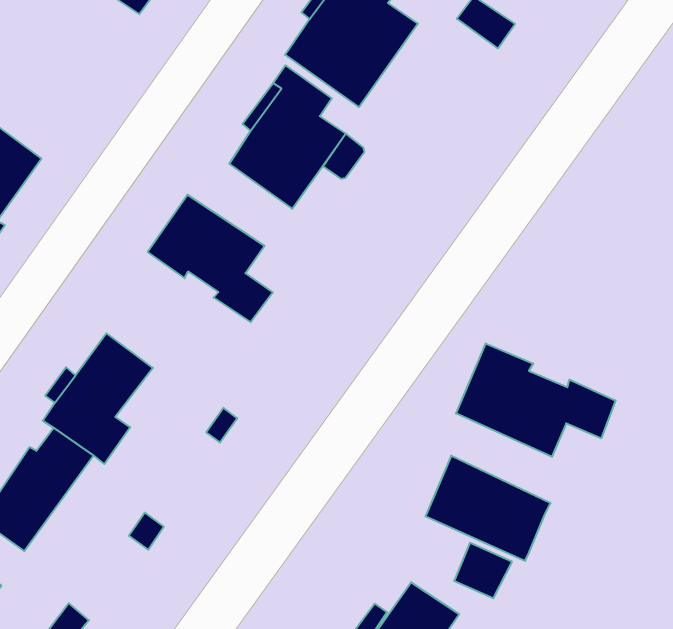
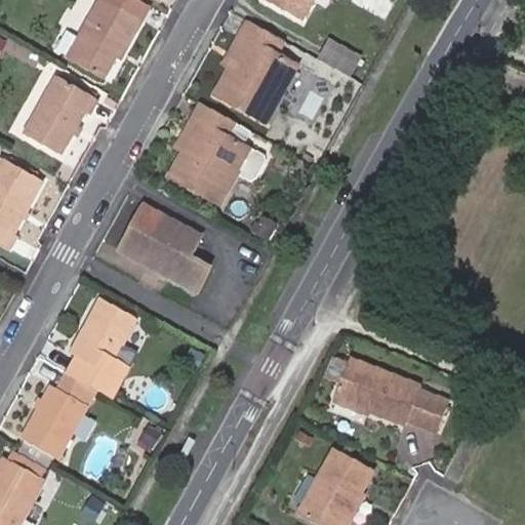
building: none -> [27,79,97,155]
building: [456,343,616,457] -> none
building: [454,543,512,598] -> [411,395,450,432]

